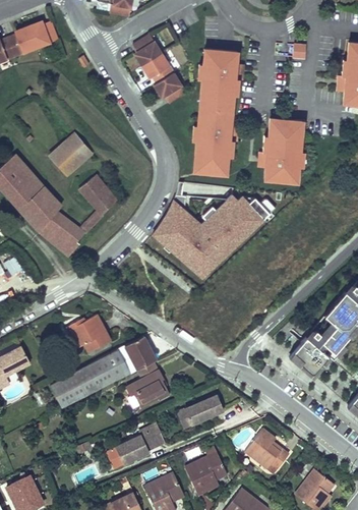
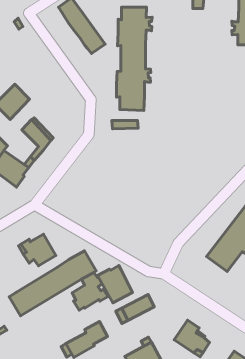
building: [259,118,302,182] -> none
building: [153,193,268,282] -> none
building: none -> [98,266,133,303]

